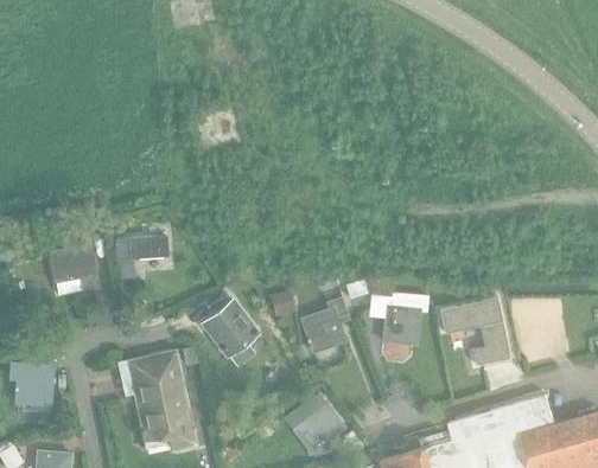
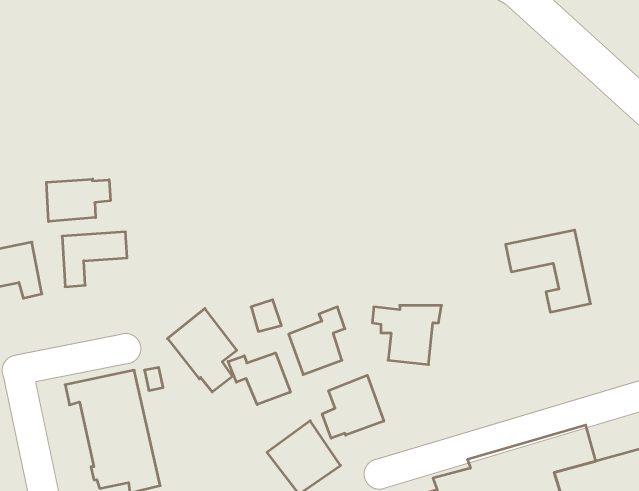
building: none -> [46,179,110,222]
building: [440,299,510,366] -> [506,230,591,312]
building: none -> [228,353,290,405]
building: none -> [322,375,384,438]

